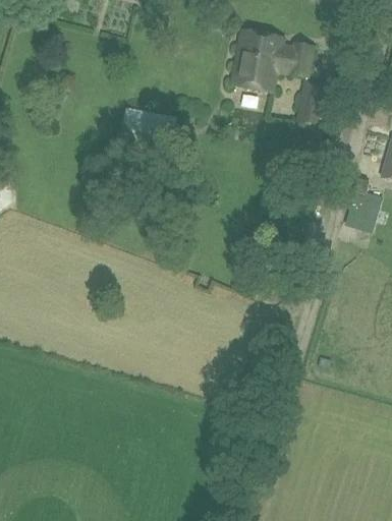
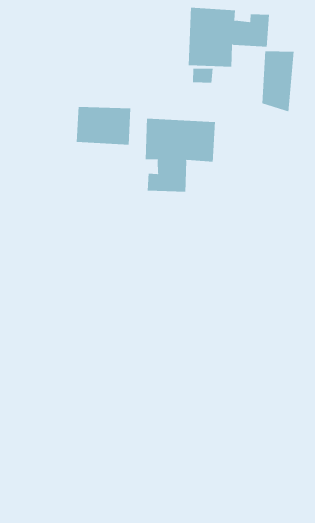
building: none -> [145,118,215,192]

